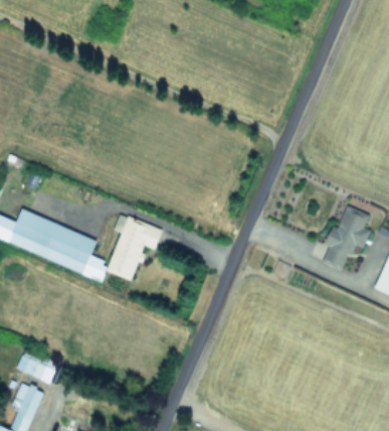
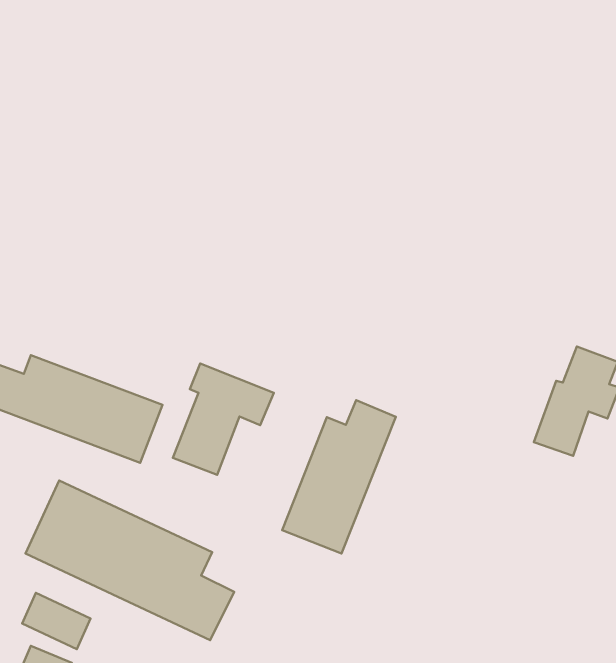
building: none -> [282,400,396,553]
building: none -> [25,481,234,640]

